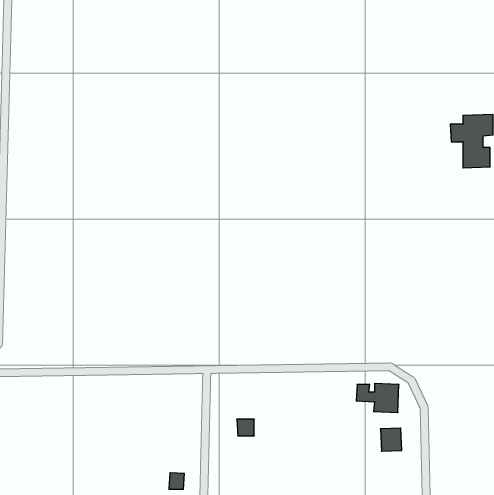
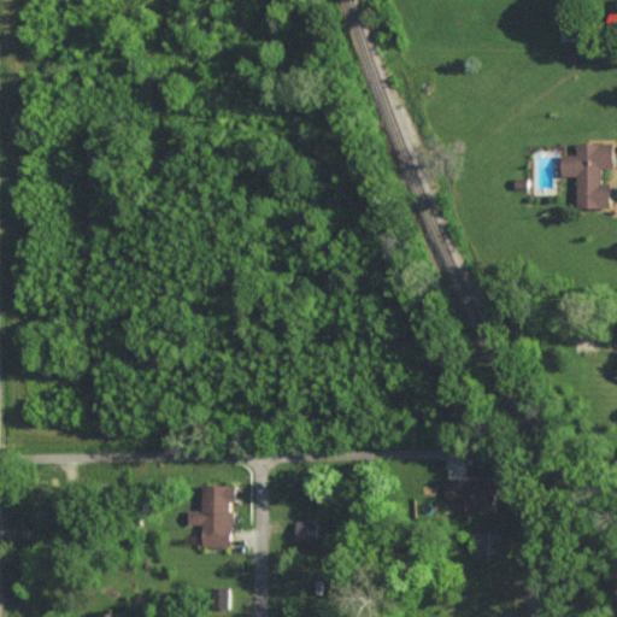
building: none -> [187,486,236,547]

